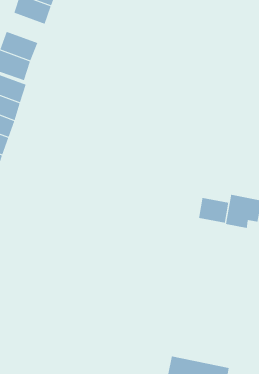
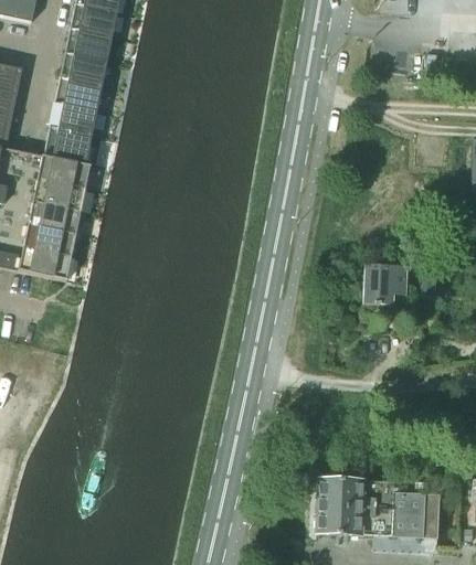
building: none -> [53,78,101,111]
building: [199,197,229,223] -> none

